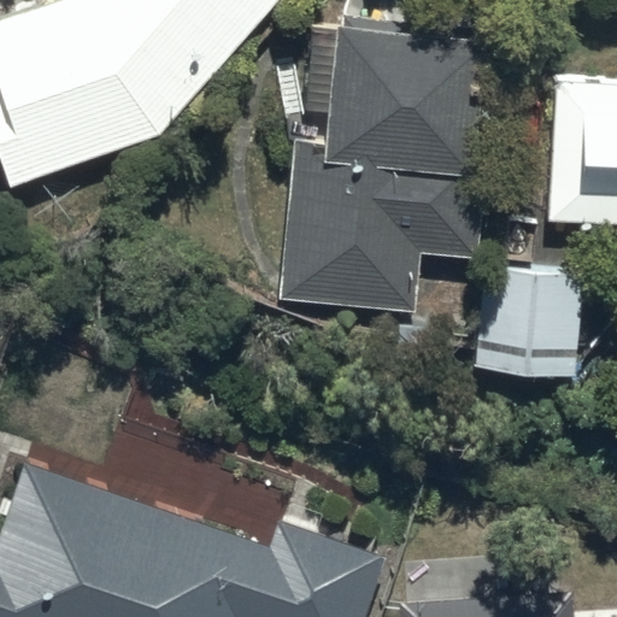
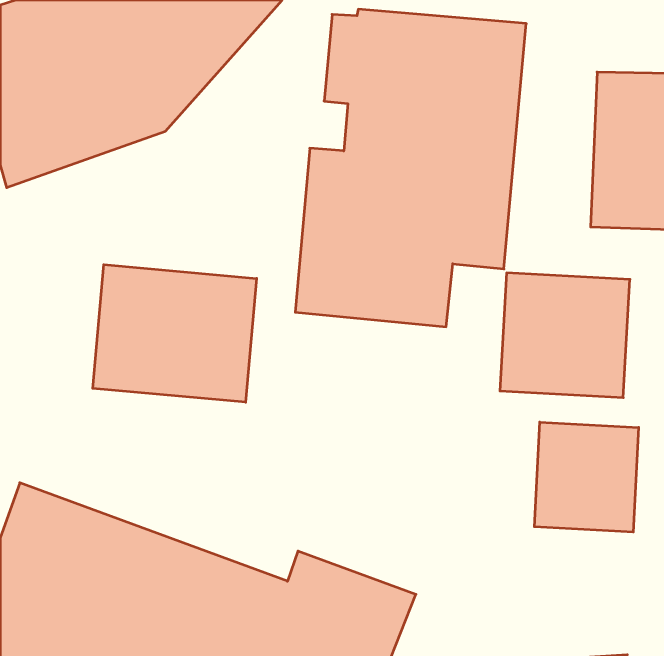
building: none -> [93,265,257,402]
building: none -> [534,422,639,532]

